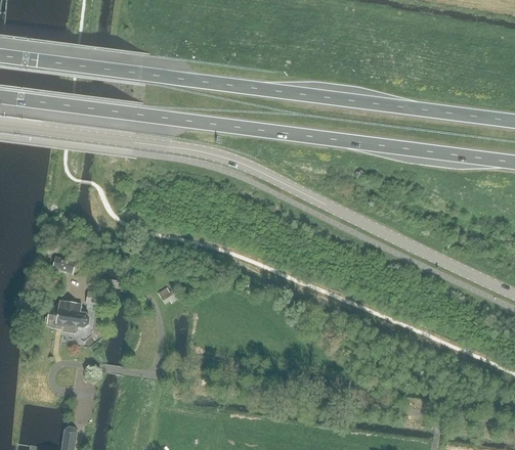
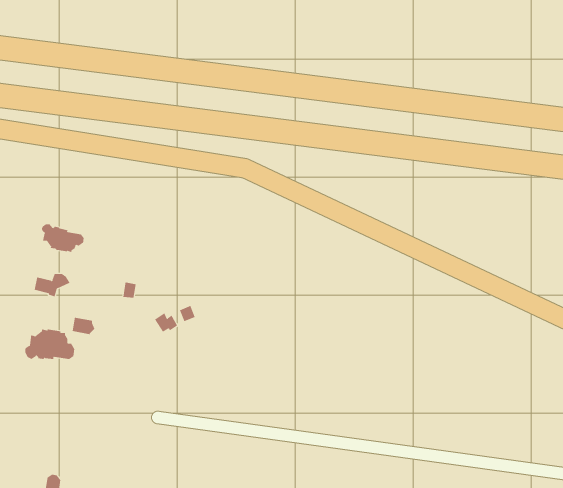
building: none -> [41,223,84,253]

